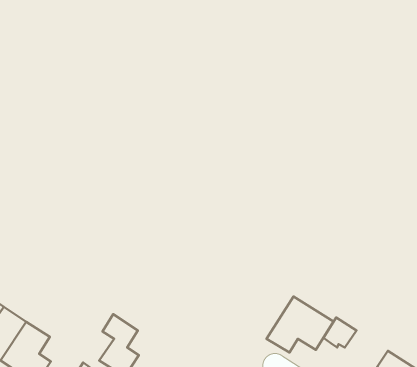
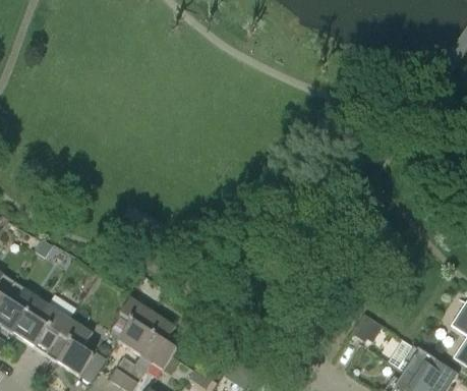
building: [266,296,334,353] -> none
building: none -> [116,295,153,353]

